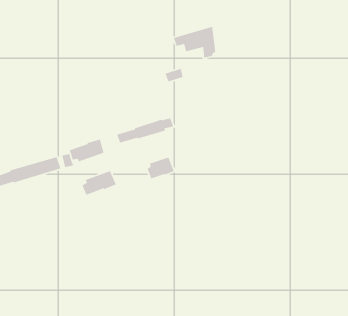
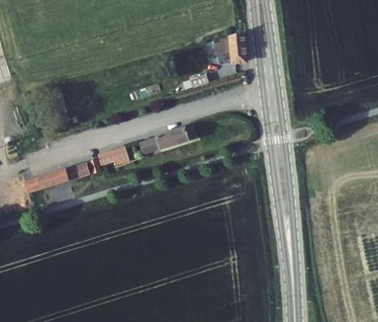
building: [146,156,175,179] -> none
building: [81,170,117,196] -> none

